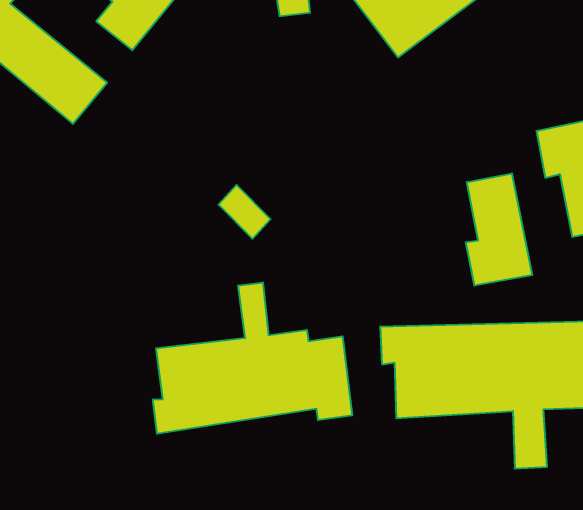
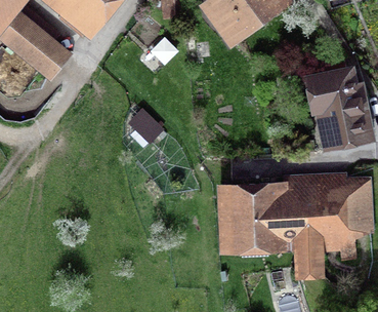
building: [466,173,532,286] -> none
building: [153,282,352,434] -> none

